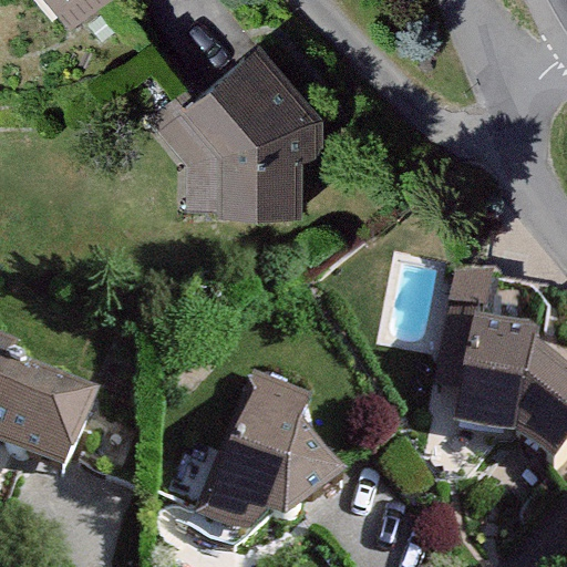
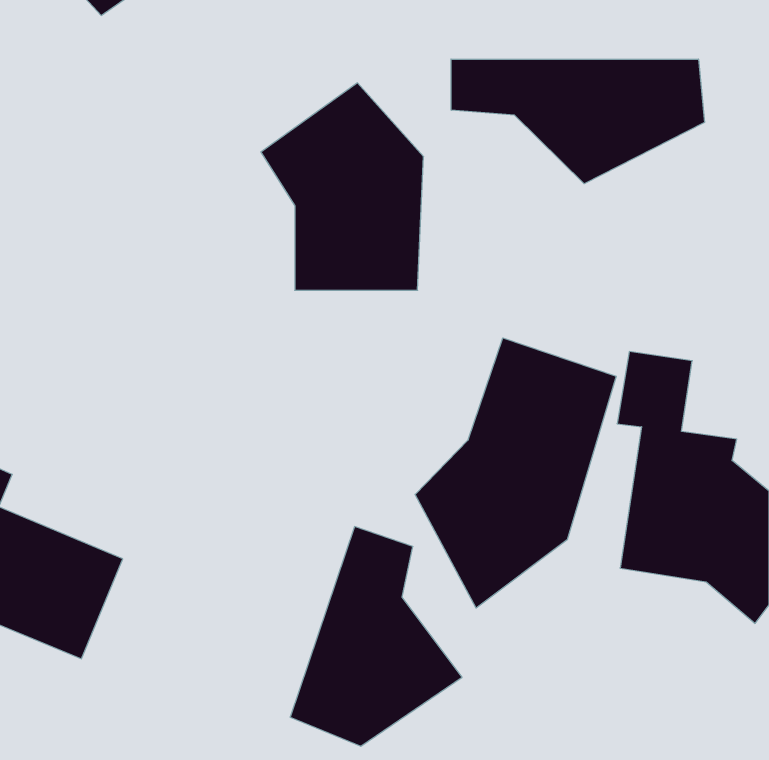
building: none -> [451,59,705,184]
building: none -> [415,338,616,608]

